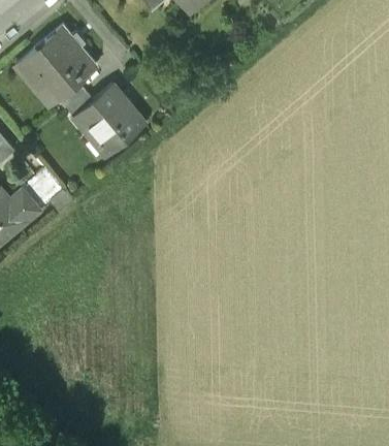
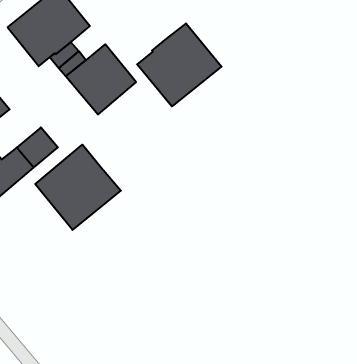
building: none -> [137,23,222,106]
building: none -> [35,145,121,230]

